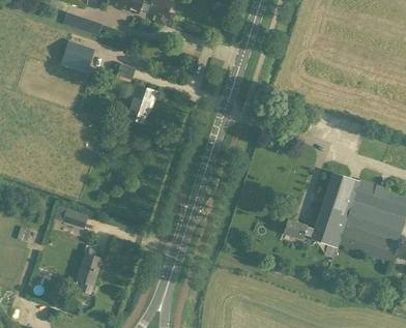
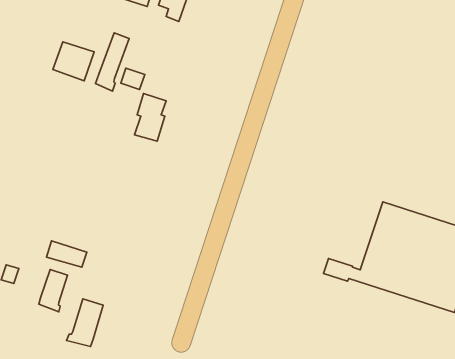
building: none -> [96,33,129,91]
building: none -> [39,270,68,312]

